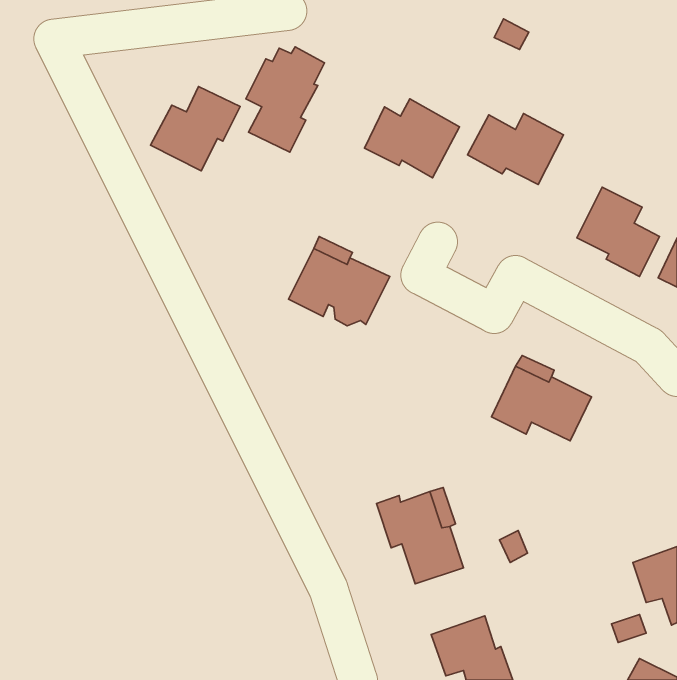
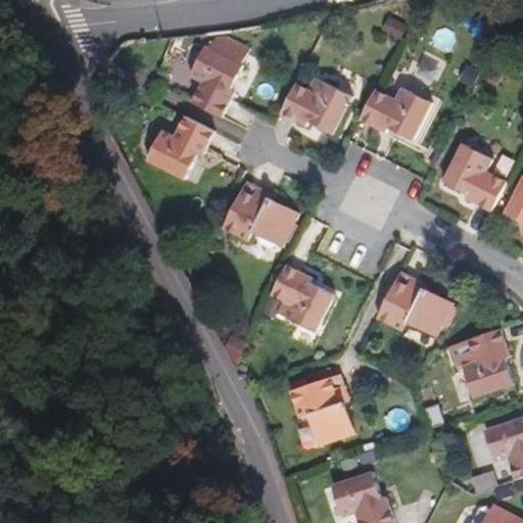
building: [151,87,240,171] -> [145,115,213,180]
building: none -> [270,264,334,332]
building: none -> [445,328,512,396]

